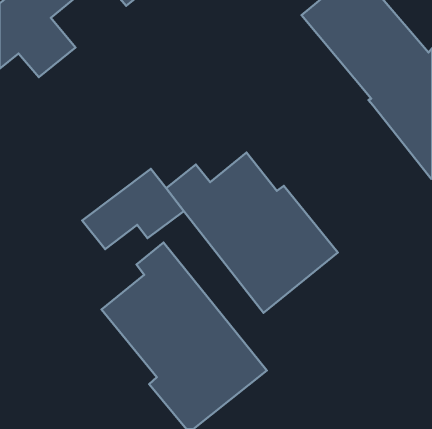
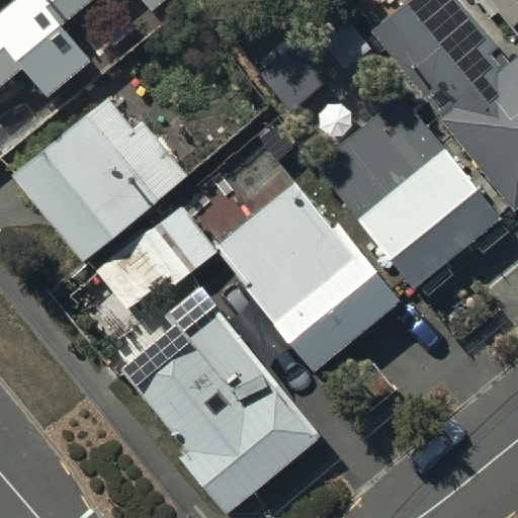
building: none -> [12,96,192,266]
building: none -> [331,114,502,289]

